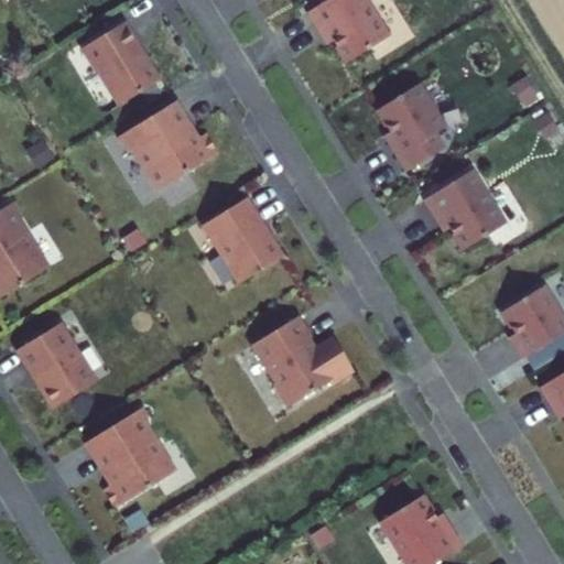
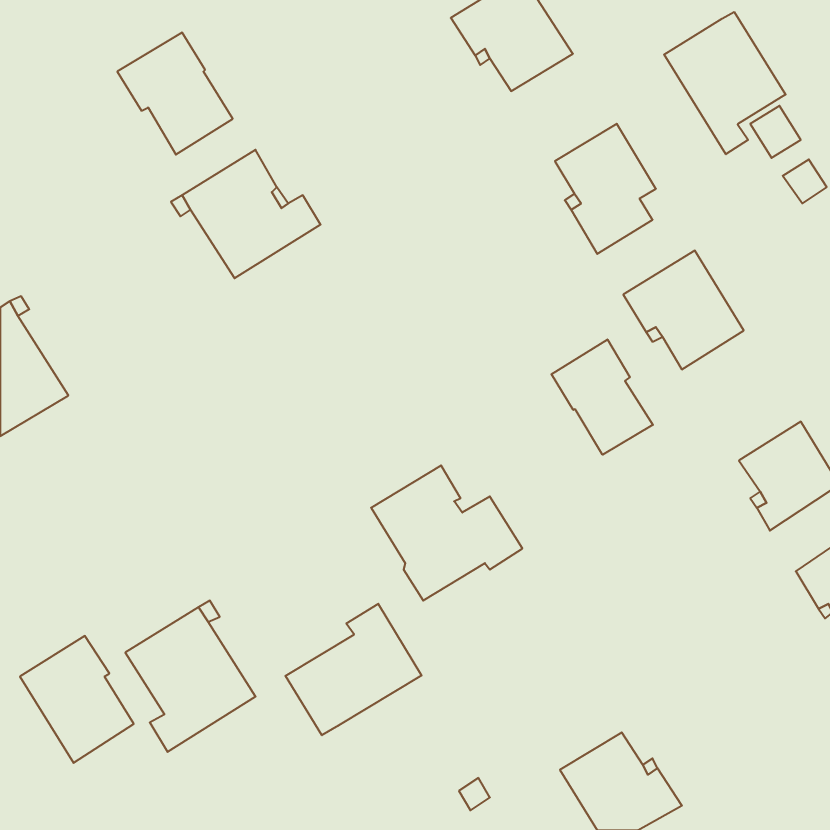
building: none -> [664,12,786,154]
building: [202,197,283,283] -> none
building: none -> [551,339,653,455]
building: [17,323,94,409] -> [20,636,134,763]
building: none -> [285,604,422,735]

